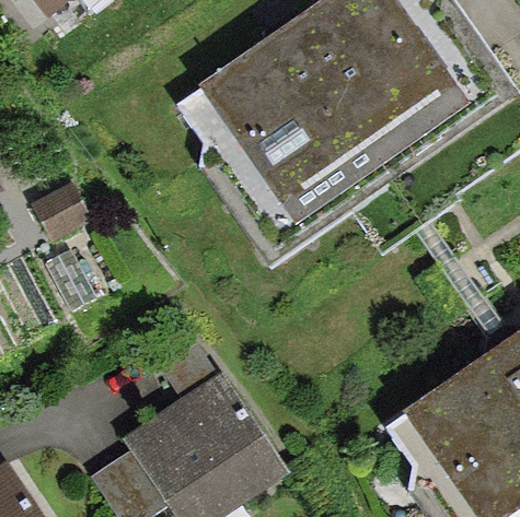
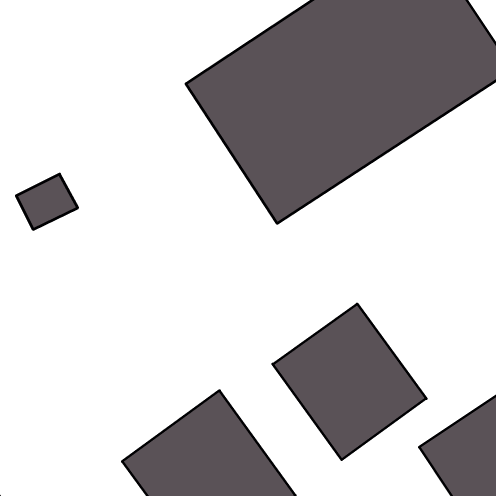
building: none -> [273,304,426,460]

